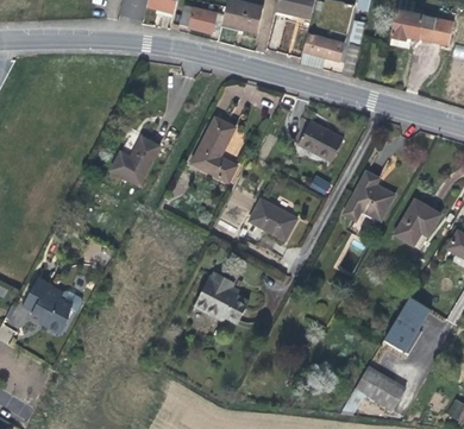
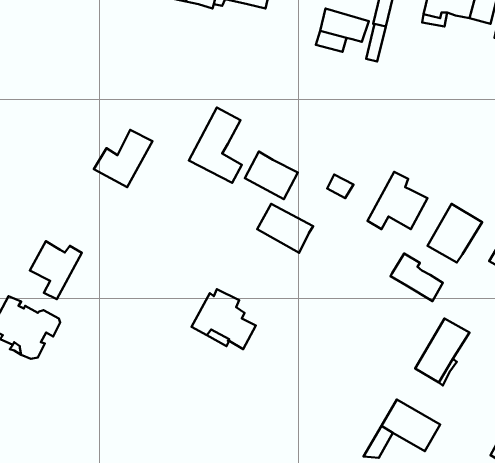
building: [297,120,343,160] -> [245,152,298,199]
building: none -> [30,241,82,299]
building: none -> [391,254,443,301]

